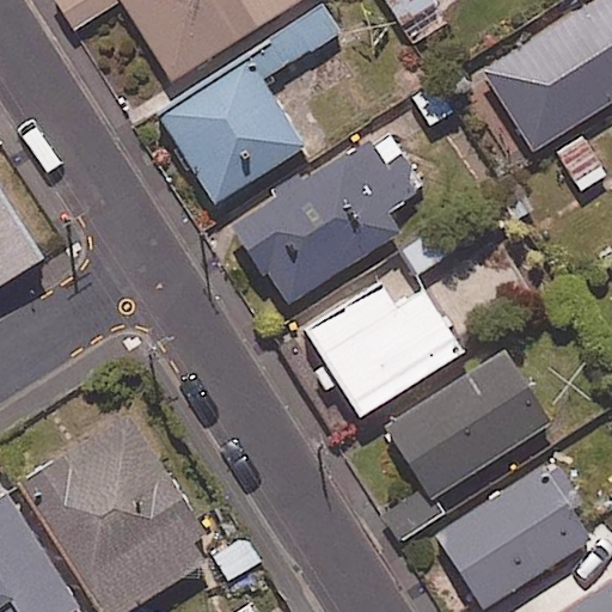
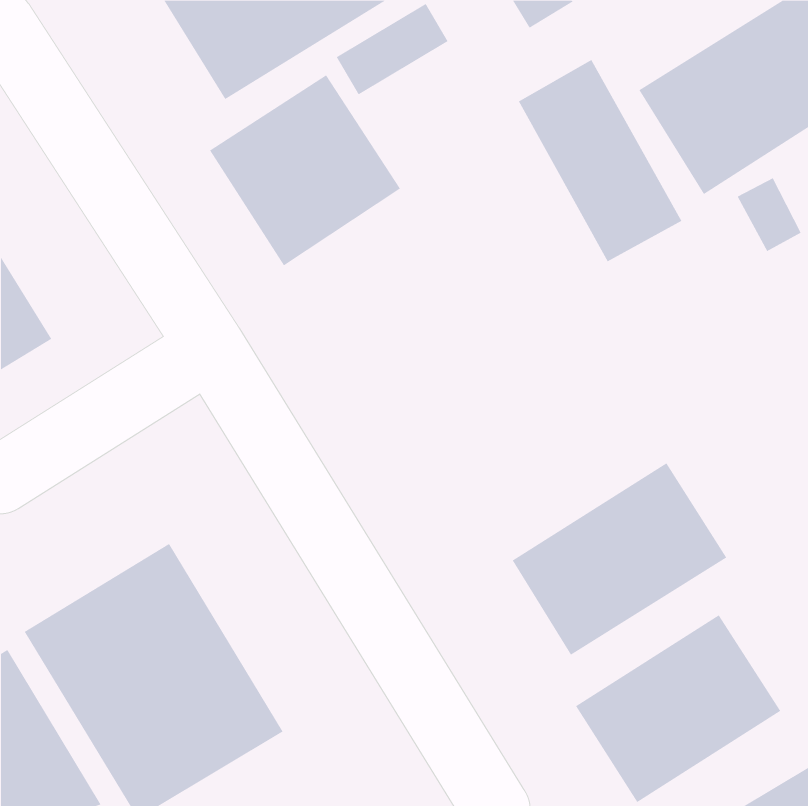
building: none -> [518,59,682,262]
building: [231,130,421,302] -> none
building: [306,286,463,417] -> none

